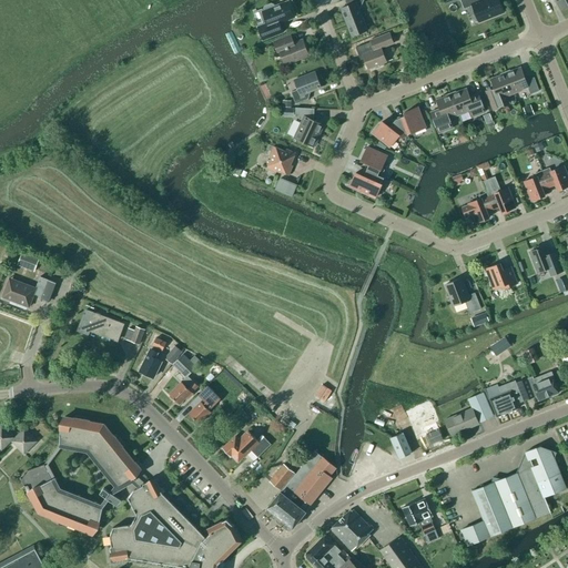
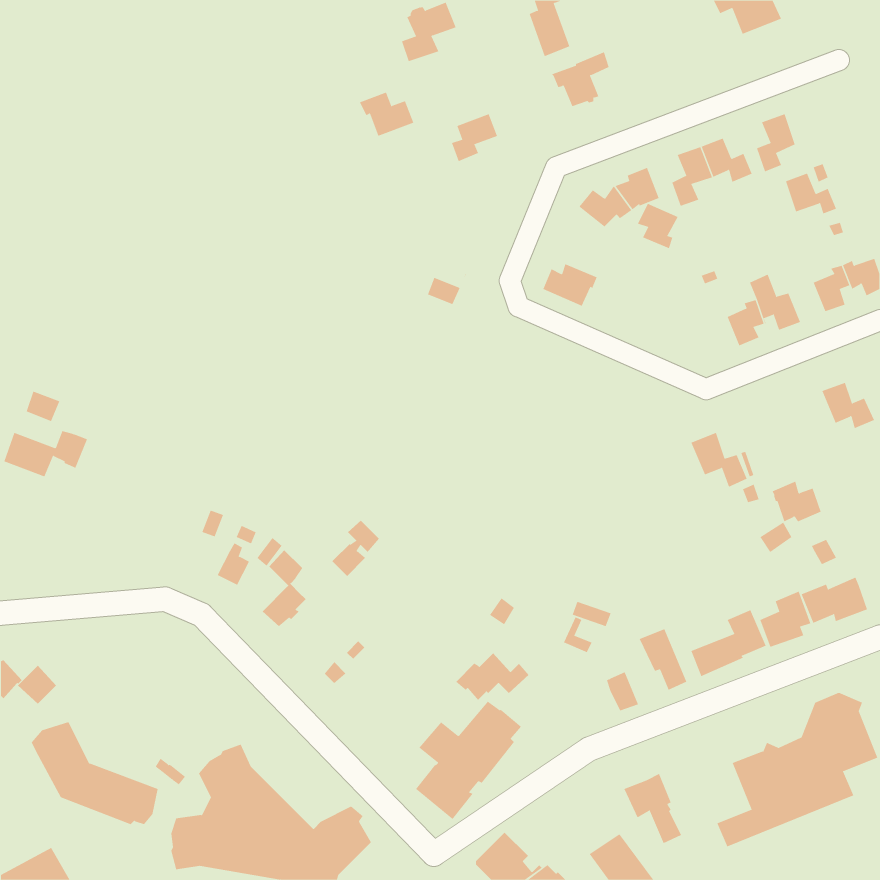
building: [273,36,308,64] -> [359,92,414,136]
building: [506,68,539,94] -> [785,173,837,214]
building: [294,108,323,146] -> none
building: [266,146,295,175] -> none
building: [361,148,387,179] -> [637,203,678,251]
building: [485,263,517,290] -> [772,481,822,522]
building: [78,311,123,341] -> none
building: [189,387,220,424] -> [332,520,380,577]
building: [60,417,138,487] -> none
building: [223,430,271,462] -> [455,653,529,701]
building: [331,510,373,550] -> none

